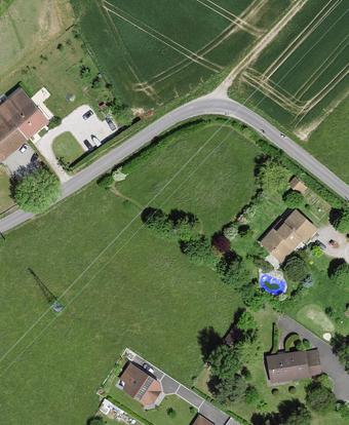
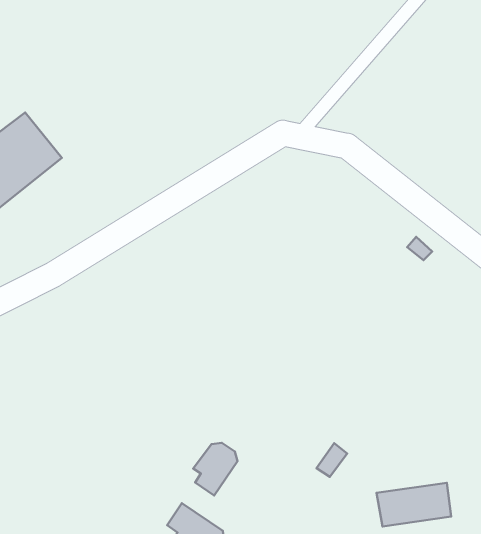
building: [261,210,317,262] -> none
building: none -> [193,443,237,496]

